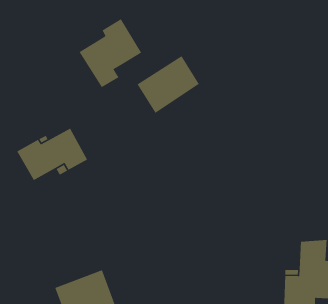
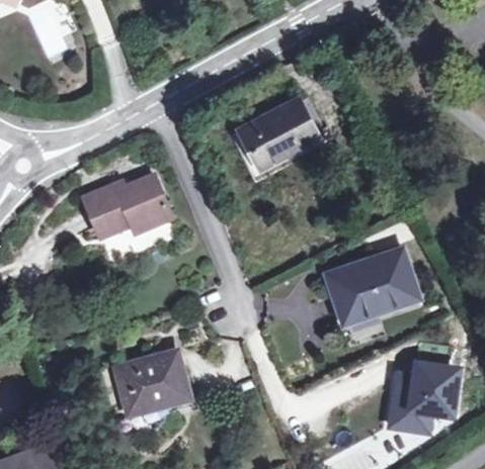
building: [78,18,142,88] -> none
building: none -> [327,250,417,323]

